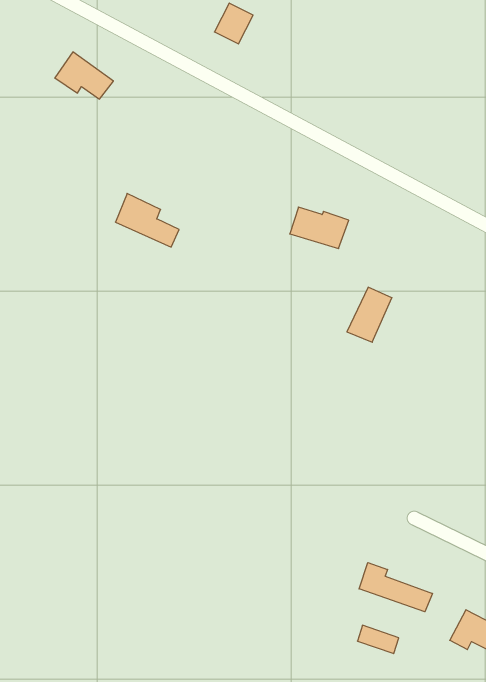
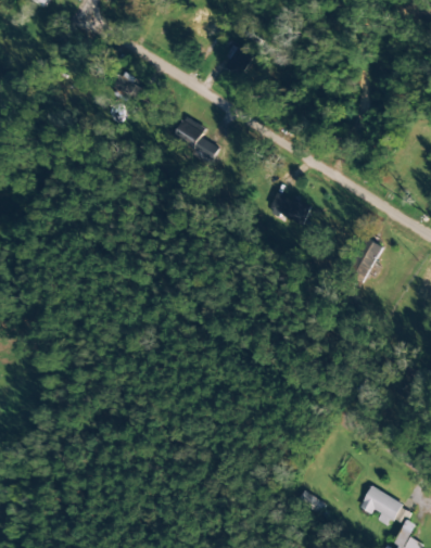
building: [115,193,179,247] -> [174,119,218,160]
building: [347,287,392,342] -> [348,237,382,276]
building: [359,563,432,612] -> none

